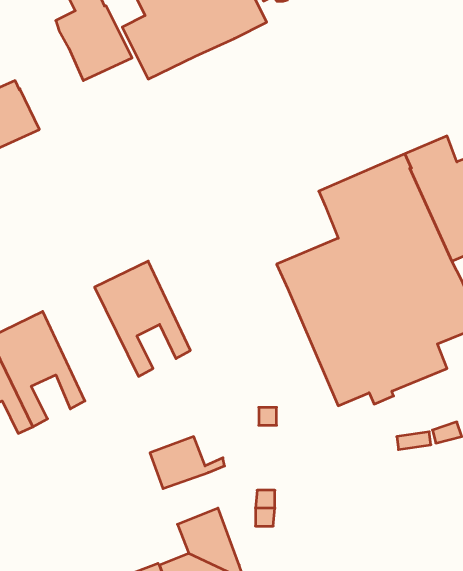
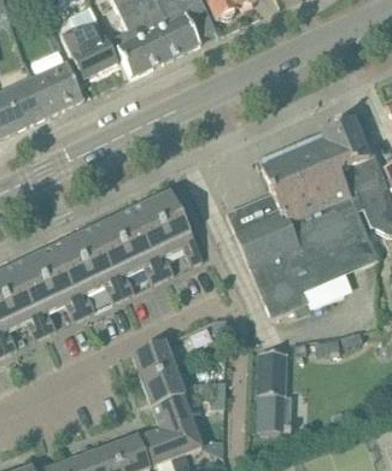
building: none -> [31,60,83,112]
building: none -> [130,192,201,276]
building: none -> [52,229,123,313]
building: none -> [258,351,291,430]
building: none -> [141,366,185,405]

